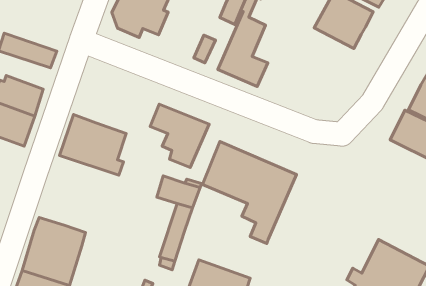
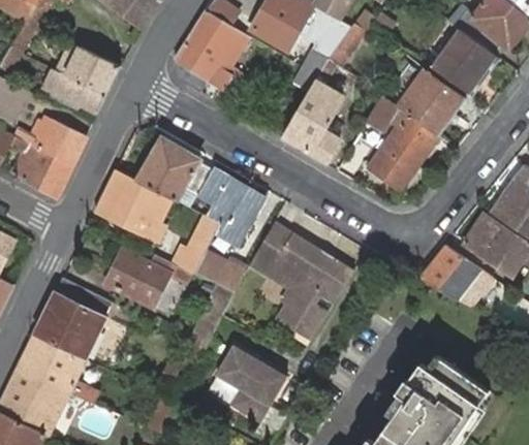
building: none -> [54,41,119,95]
building: none -> [366,96,438,190]
building: none -> [138,139,212,208]
building: none -> [418,244,490,307]
building: none -> [170,215,219,274]
building: none -> [105,250,169,306]

